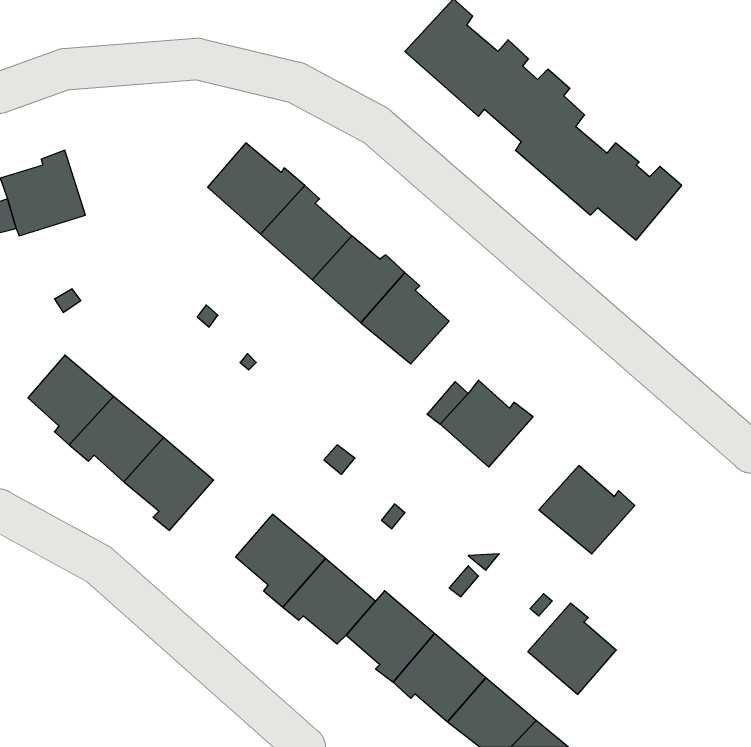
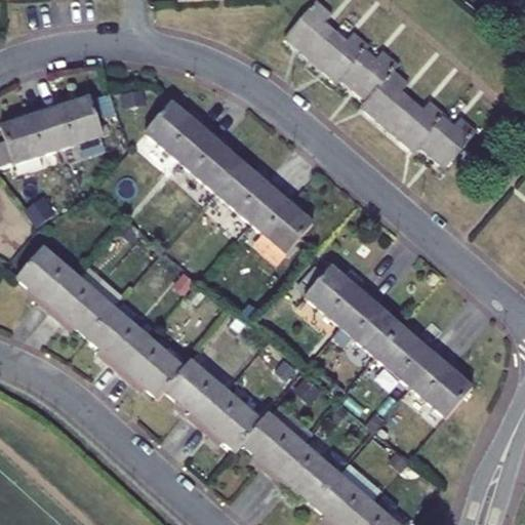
building: none -> [45,94,104,150]
building: none -> [332,290,403,355]
building: none -> [118,334,184,396]
building: [528,603,616,694] -> [412,352,474,415]

